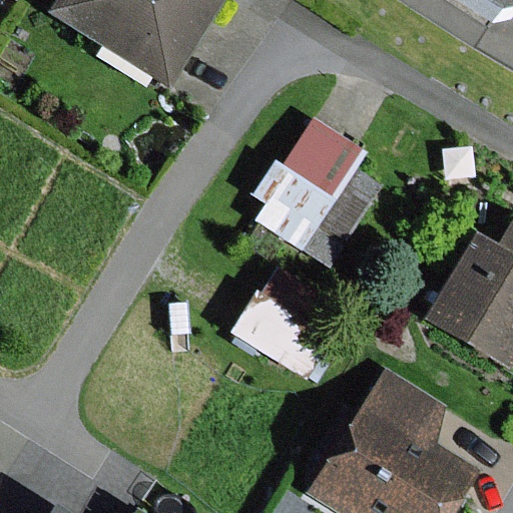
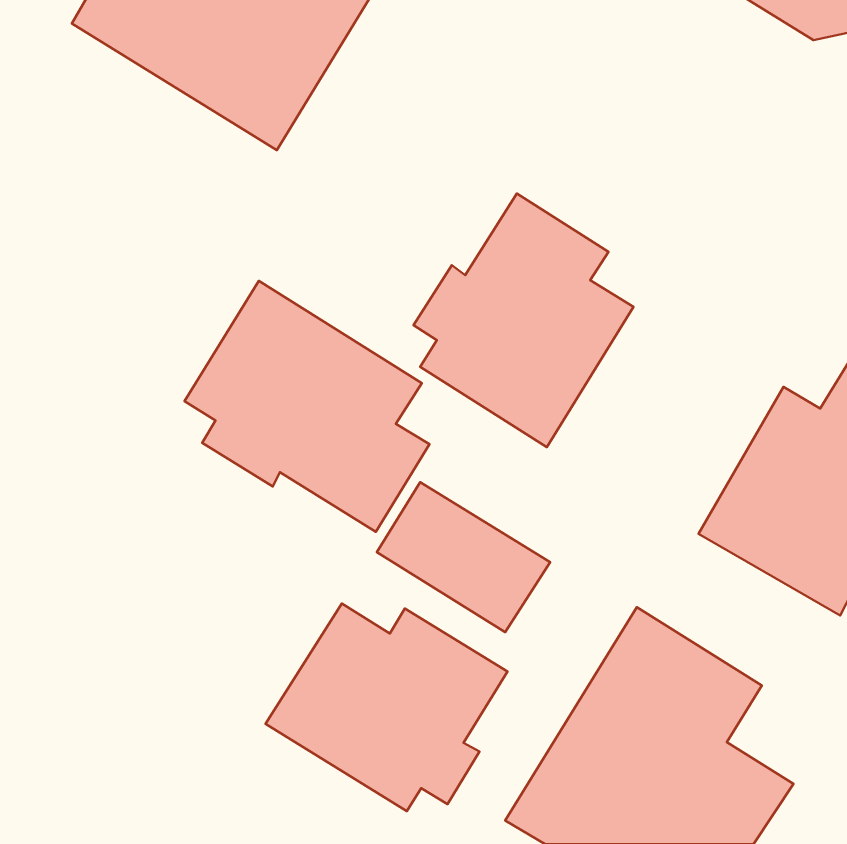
building: none -> [184,281,430,532]
building: none -> [266,603,507,811]

